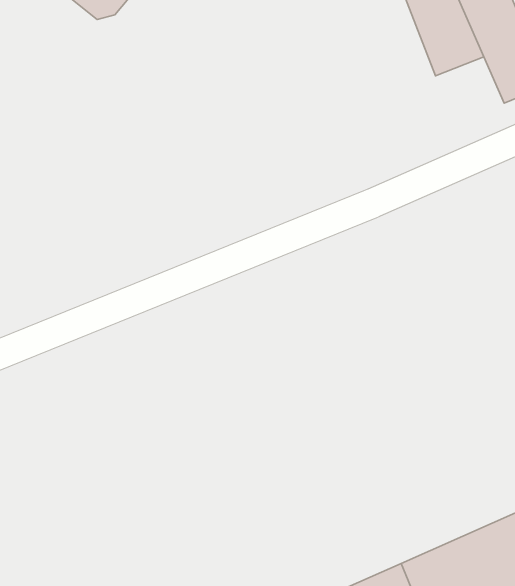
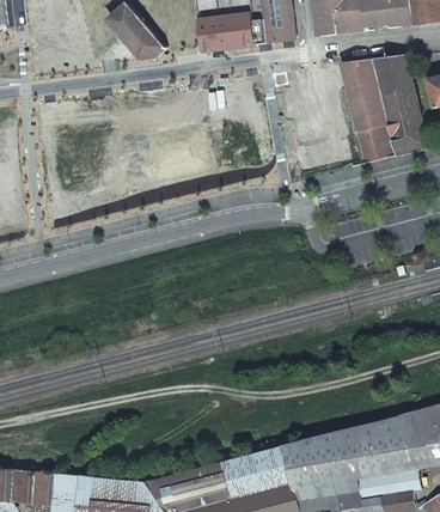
building: none -> [350,124,397,165]

